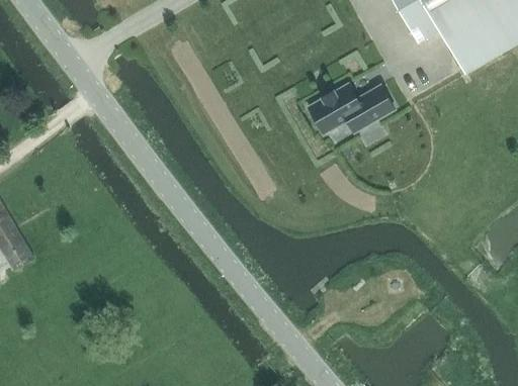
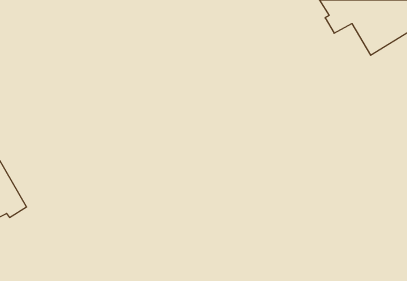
building: [307,84,393,134] -> none

